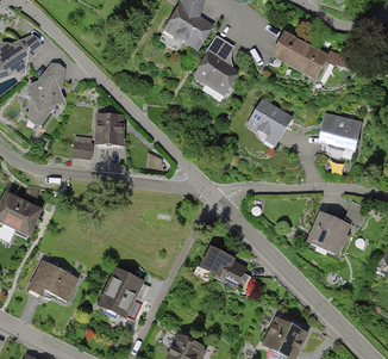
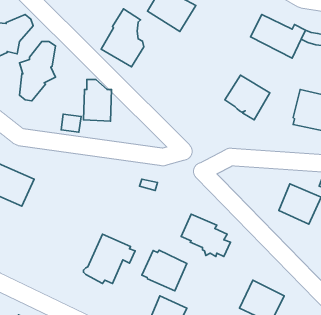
building: [193,33,238,95] -> [101,9,144,67]
building: [27,259,80,302] -> none
building: none -> [142,250,187,291]

